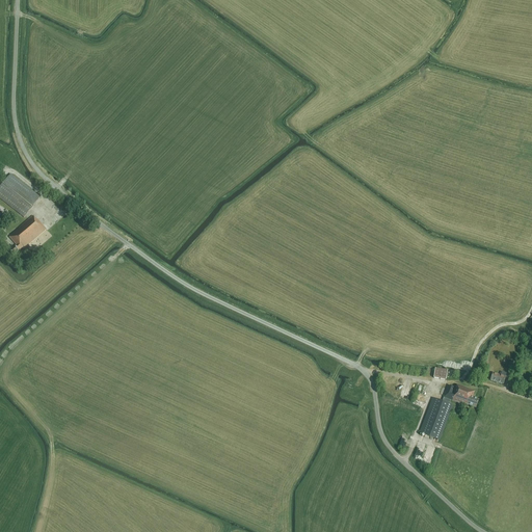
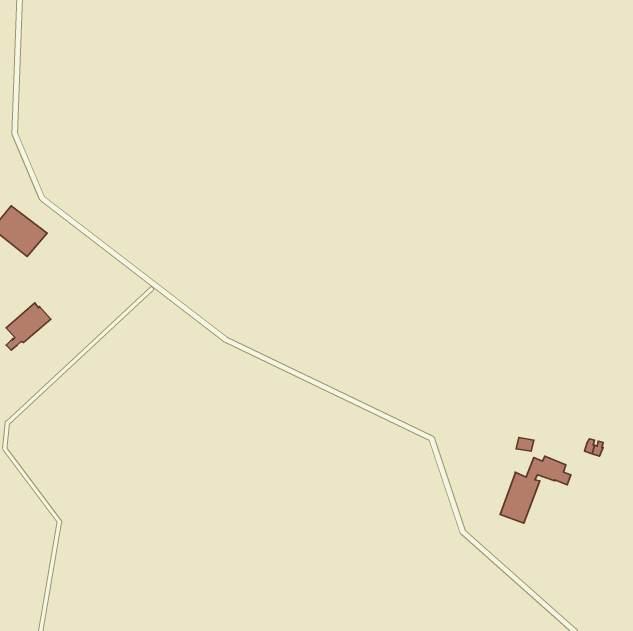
building: [8,214,46,254] -> [6,303,51,350]

